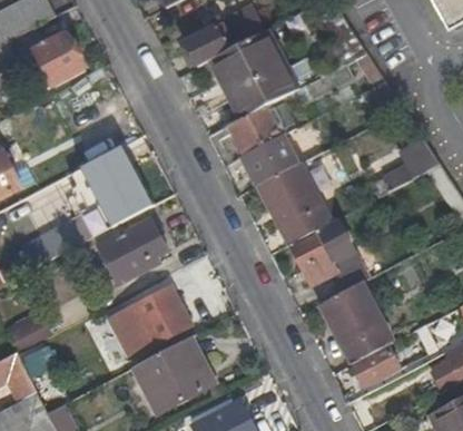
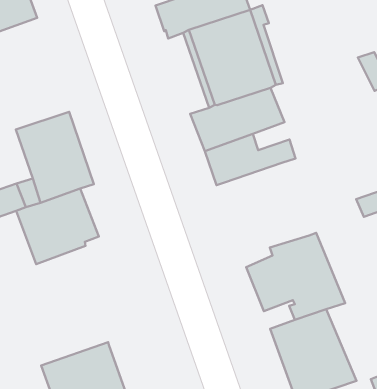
building: [263,161,343,245] -> none
building: [112,263,196,357] -> none

